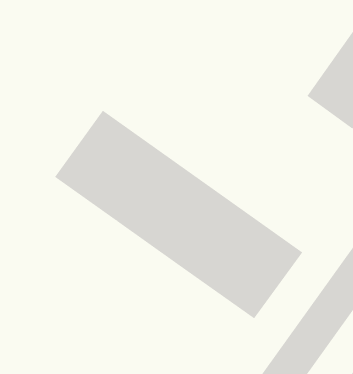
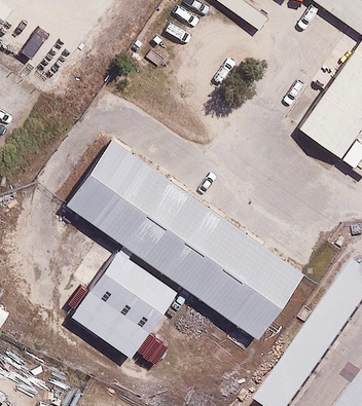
building: none -> [71,245,180,358]

